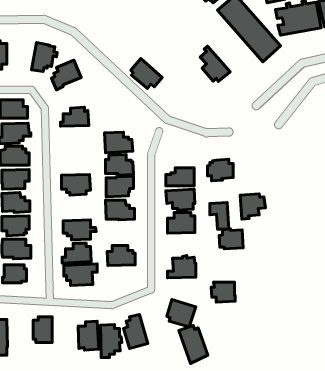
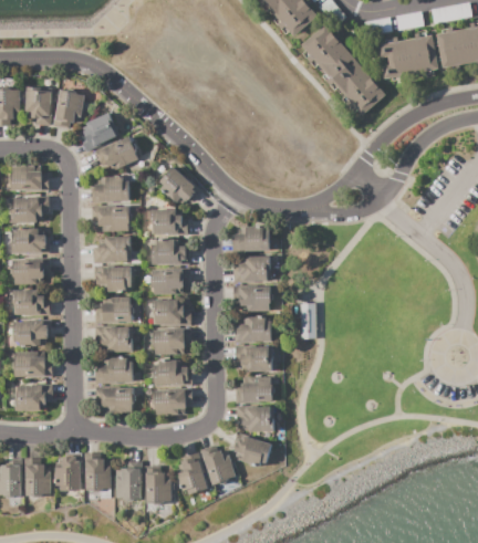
building: none -> [24,86,51,125]
building: [200,46,230,82] -> none
building: [131,59,162,88] -> [158,166,200,206]
building: none -> [93,135,137,170]
building: none -> [97,206,131,231]
building: none -> [92,236,129,261]
building: [207,159,233,181] -> [233,224,268,253]
building: [240,194,266,219] -> none
building: none -> [94,295,133,324]
building: none -> [150,327,189,354]
building: [219,229,243,249] -> [239,344,271,370]
building: none -> [154,387,191,415]
building: [211,282,235,302] -> [241,406,273,432]
building: none -> [83,452,111,498]
building: none -> [23,459,50,495]
building: [179,325,208,364] -> [199,445,238,495]

